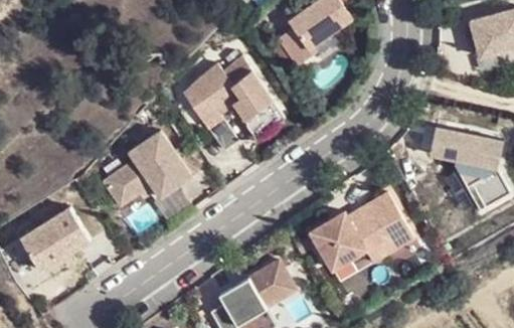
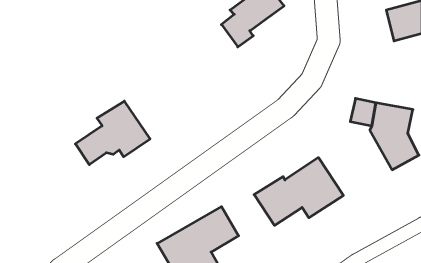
building: [184,62,290,151] -> none
building: [22,207,92,272] -> none

